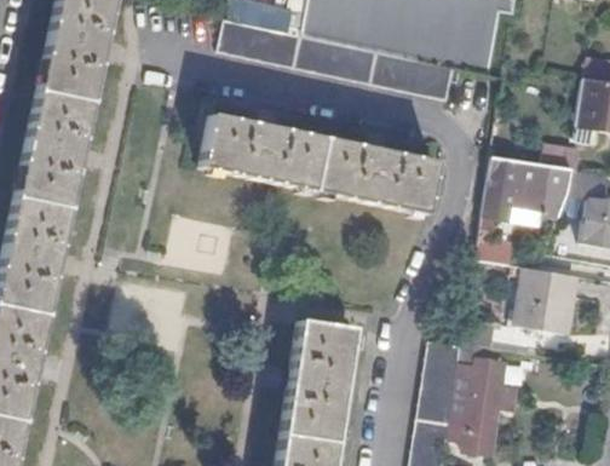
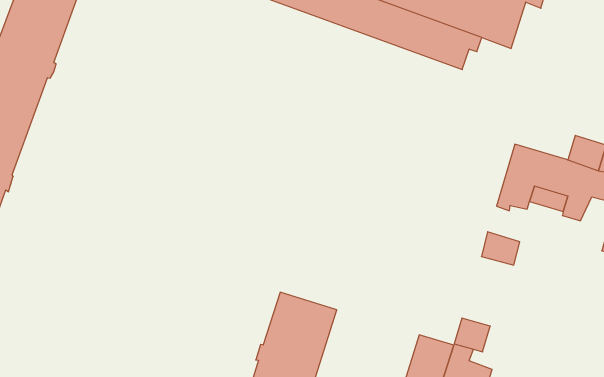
building: [206,115,441,214] -> none
building: [523,269,582,334] -> none

